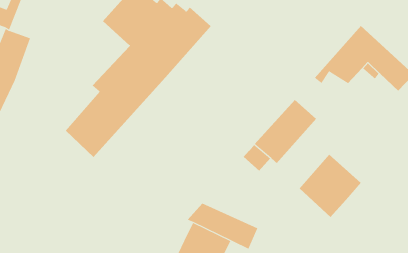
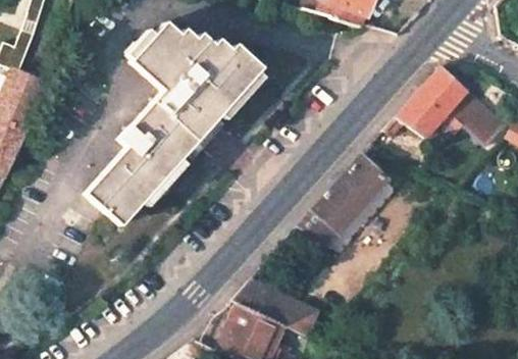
building: [299,154,362,218] -> none

